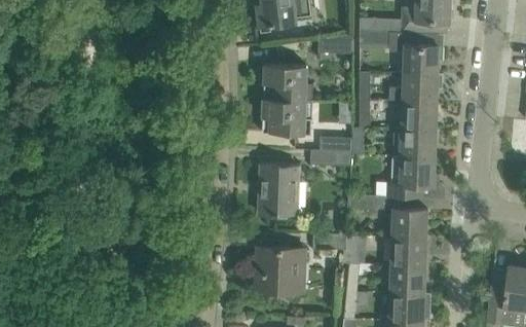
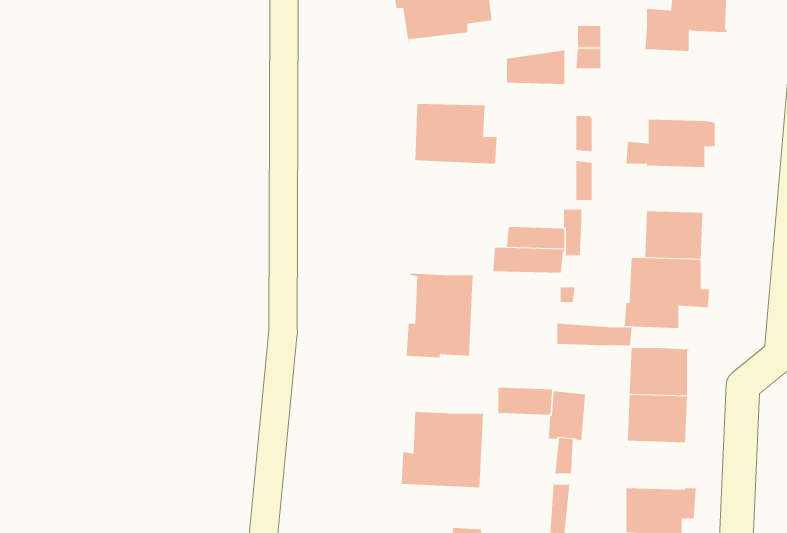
building: [388,33,443,75] -> none
building: [261,99,311,136] -> none
building: [401,102,436,130] -> none
building: [388,265,424,294] -> none

